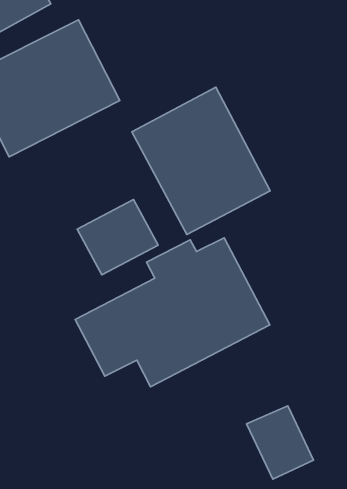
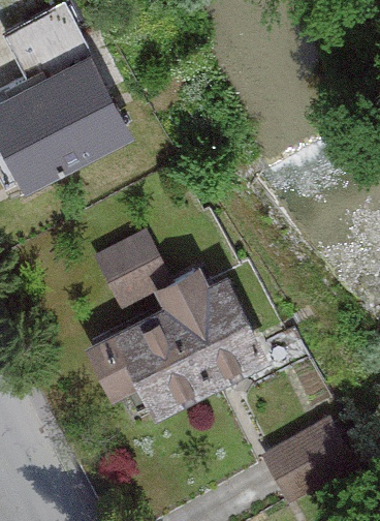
building: [132,87,270,234] -> none

